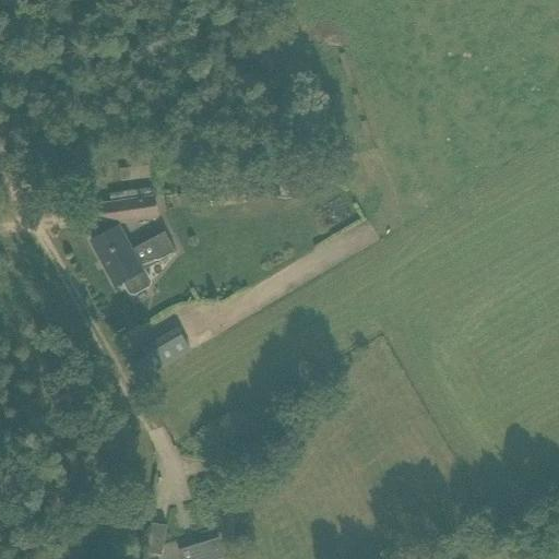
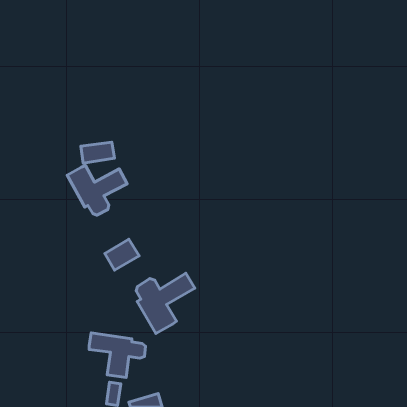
building: none -> [136,273,195,334]
building: none -> [89,333,145,378]

